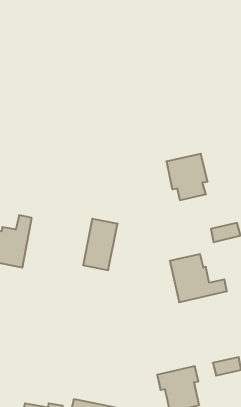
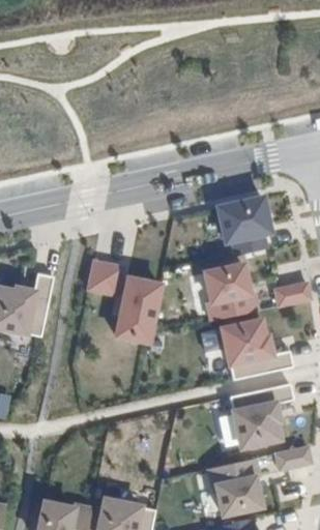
building: none -> [86,260,120,293]
building: none -> [203,265,256,320]
building: none -> [230,382,292,446]

